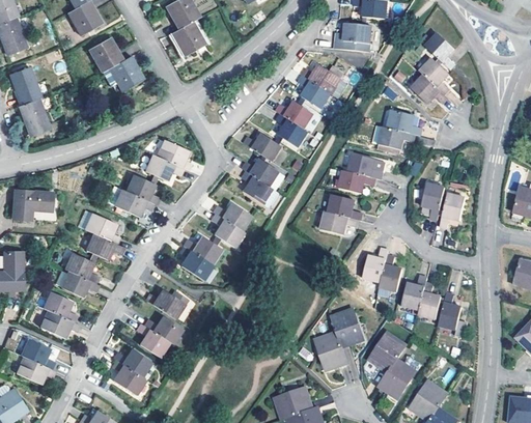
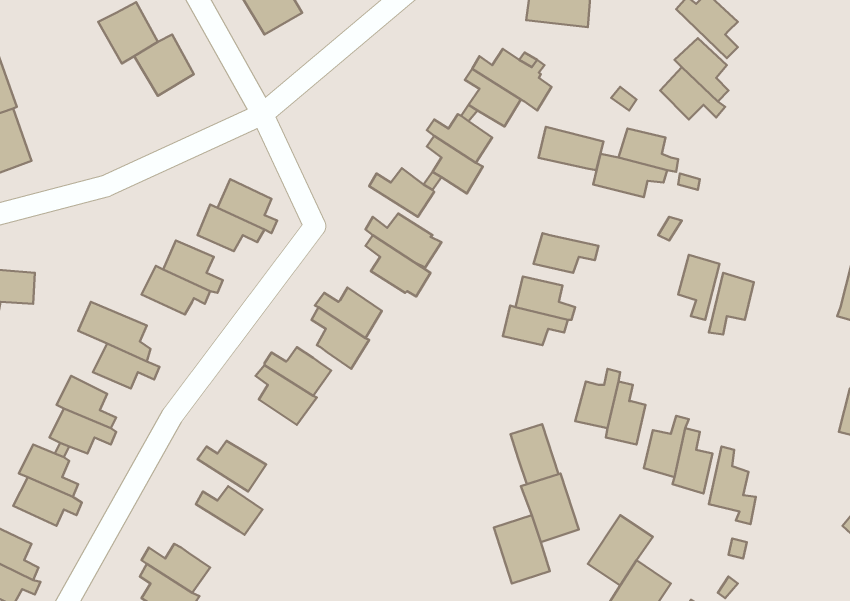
building: [347,153,385,178] -> [538,127,603,170]
building: none -> [511,424,558,484]
building: [137,322,169,357] -> none

